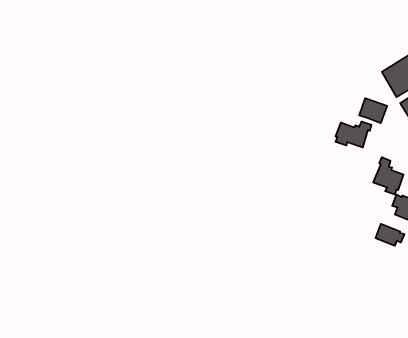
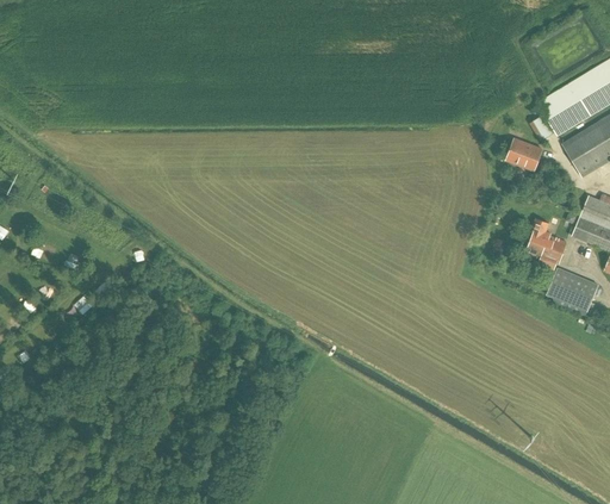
building: [335,122,372,148] -> none
building: [375,224,404,246] -> none

